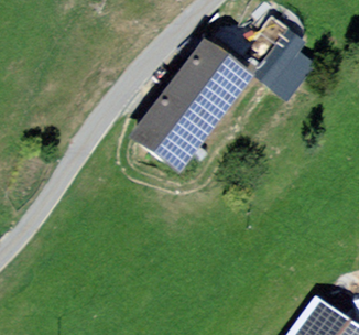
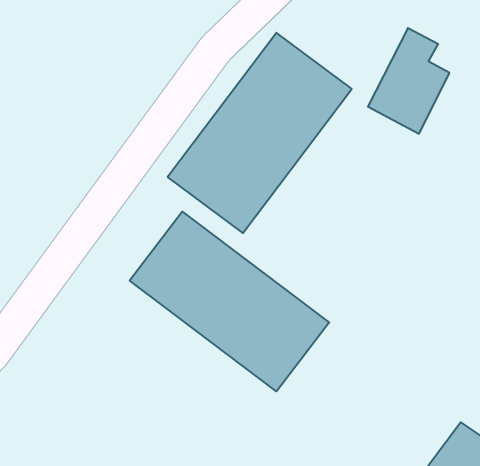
building: none -> [130,212,329,391]

